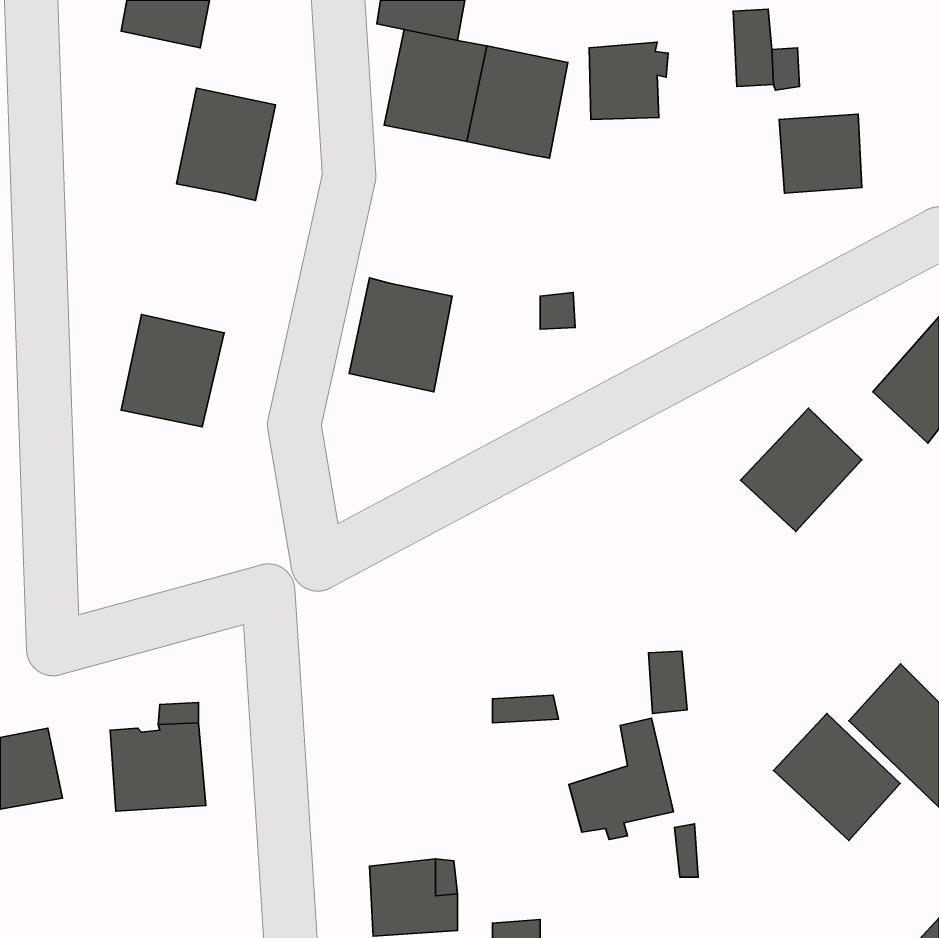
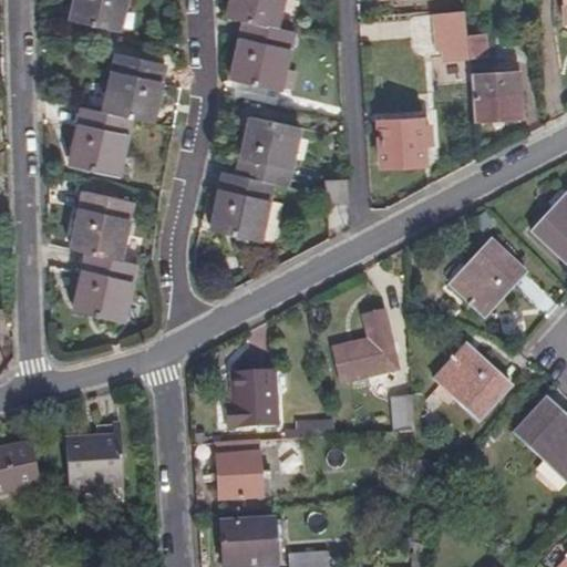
building: [589,42,668,119] -> [382,114,430,161]
building: [467,46,568,158] -> [235,114,296,182]
building: none -> [73,107,135,176]
building: none -> [76,251,136,320]
building: none -> [227,369,275,426]
building: [773,714,900,841] -> [429,350,505,426]
building: [569,718,674,840] -> [333,311,396,384]
building: none -> [218,439,269,484]

